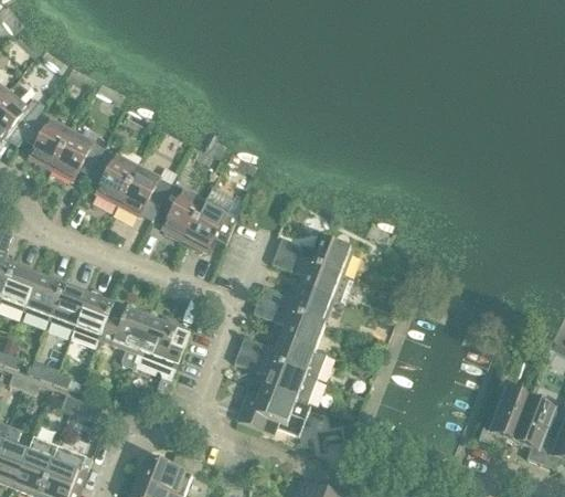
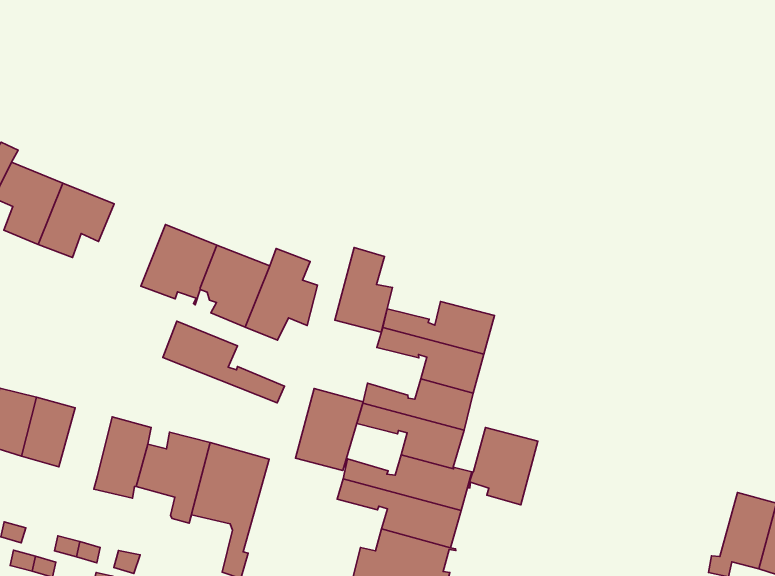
building: [90,147,137,204] -> none
building: none -> [335,248,393,332]
building: none -> [163,321,284,403]
building: [47,282,87,329] -> none
building: none -> [296,388,363,471]
building: none -> [467,428,538,505]

